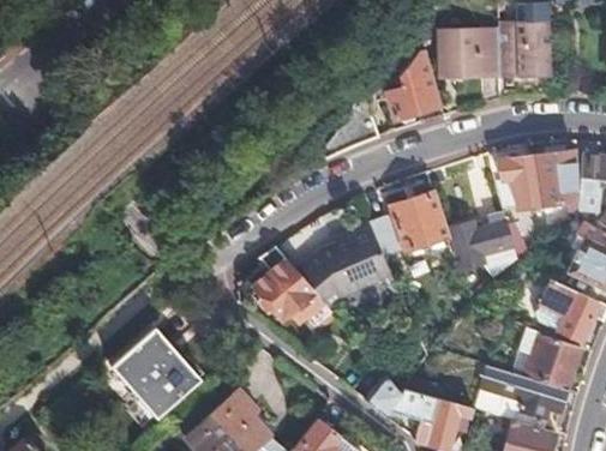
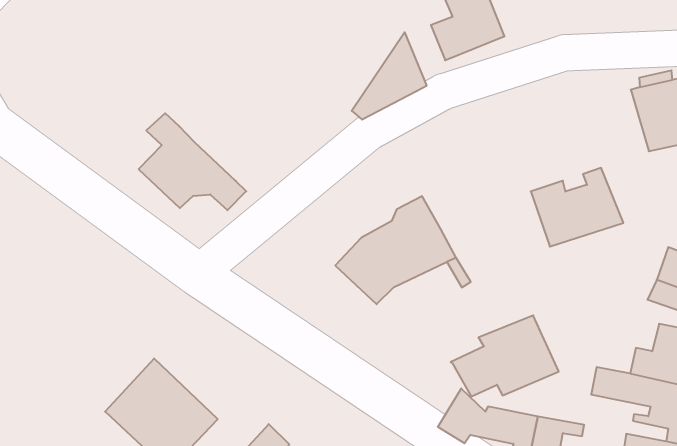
building: [499,157,544,210] -> none
building: [367,193,449,252] -> [451,315,559,397]
building: [253,247,334,325] -> [139,113,246,210]

